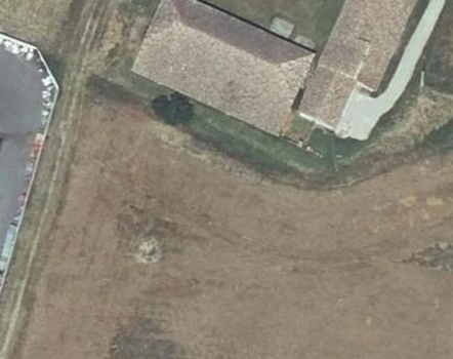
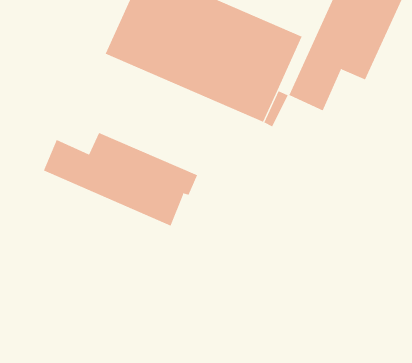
building: none -> [43,132,198,227]

